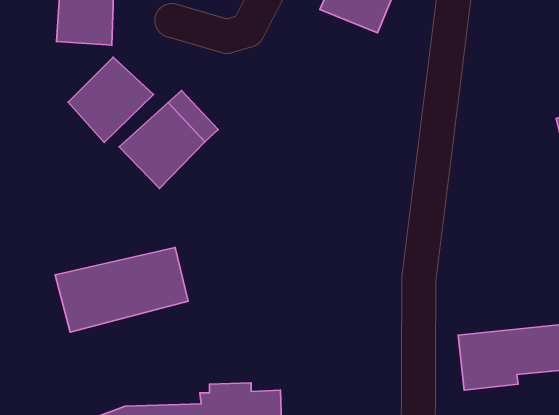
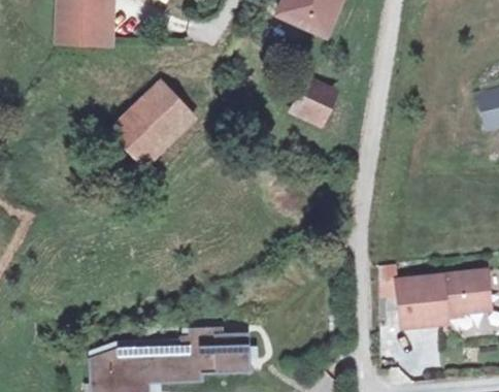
building: [68,57,154,142] -> none
building: none -> [294,77,331,121]
building: [55,247,188,332] -> none

